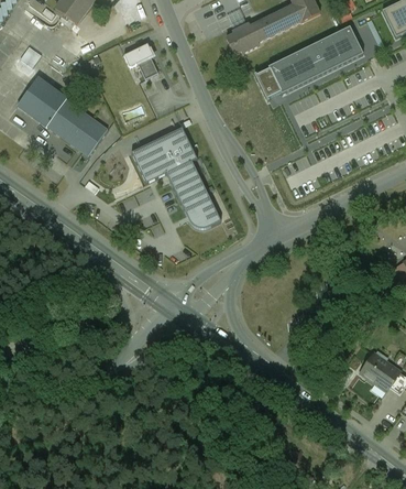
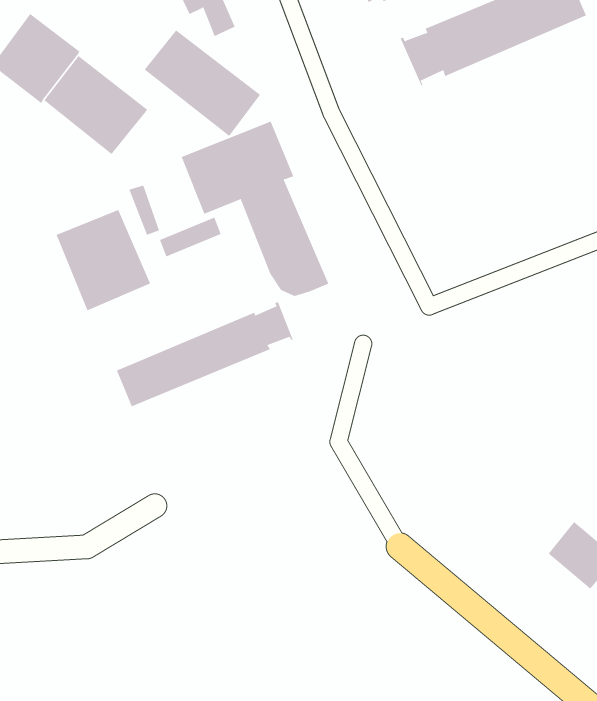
building: none -> [144,30,261,137]
building: none -> [56,209,151,311]
building: none -> [116,301,293,407]

